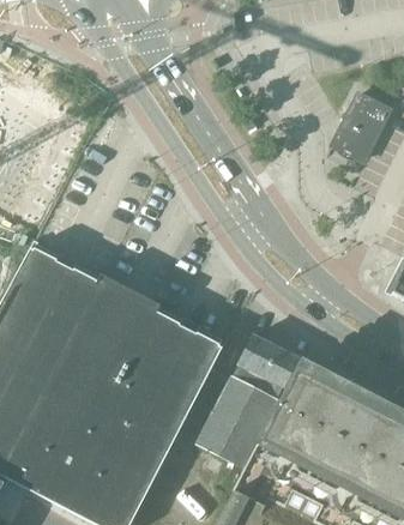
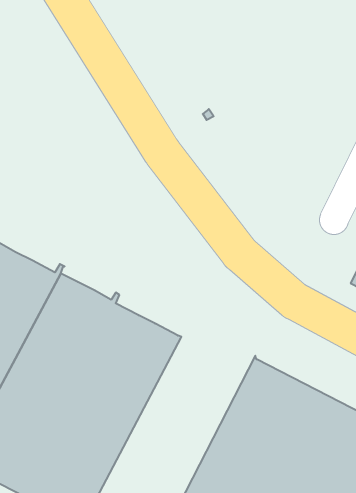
building: [332,92,390,159] -> none
building: [198,333,299,464] -> none

